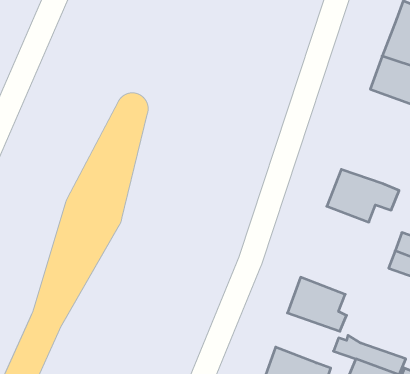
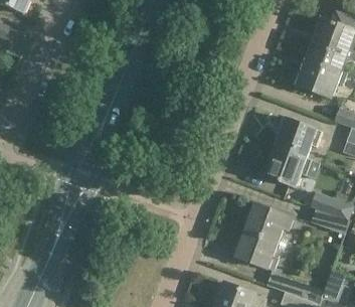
building: none -> [274,117,322,157]
building: none -> [242,202,293,242]

